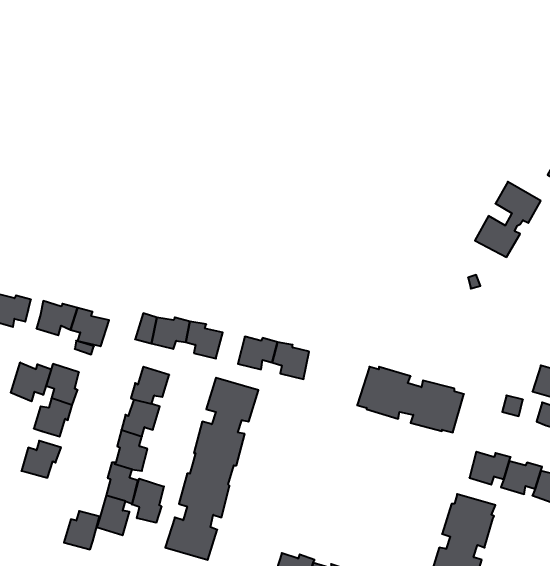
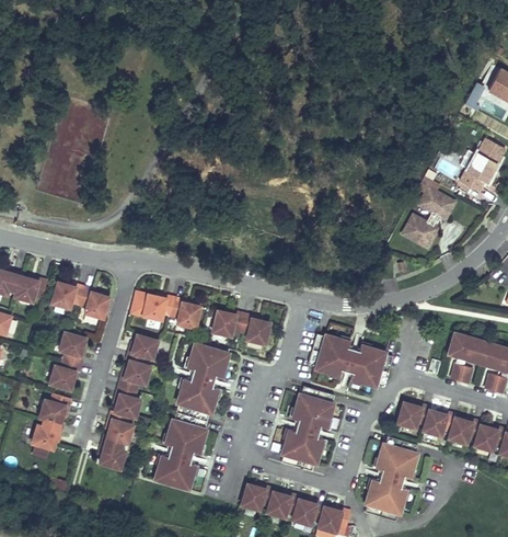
building: [11,362,51,401] -> none
building: none -> [281,387,334,471]
building: [132,479,164,523] -> none
building: [64,511,100,549] -> [32,419,60,449]

